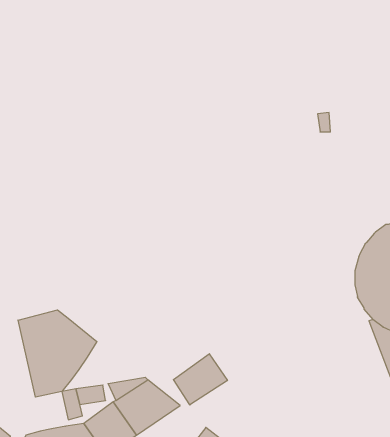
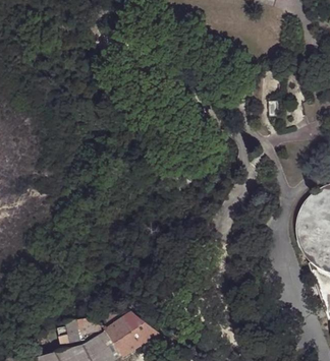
building: [18,310,97,397] -> none
building: [173,354,227,405] -> none

